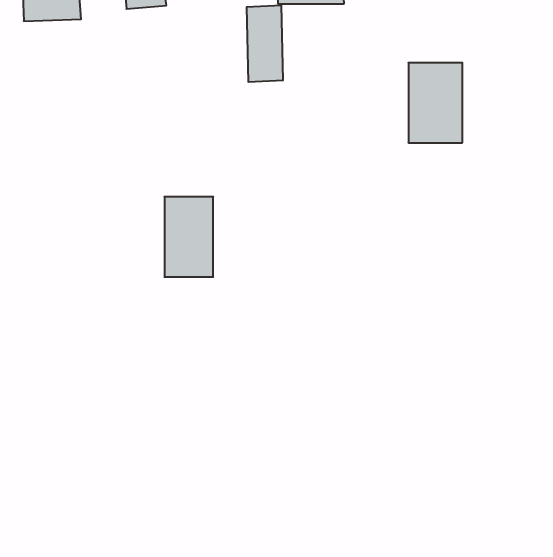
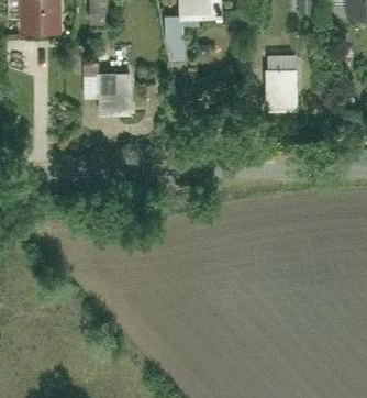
building: [164,197,213,277] -> [99,71,130,122]

